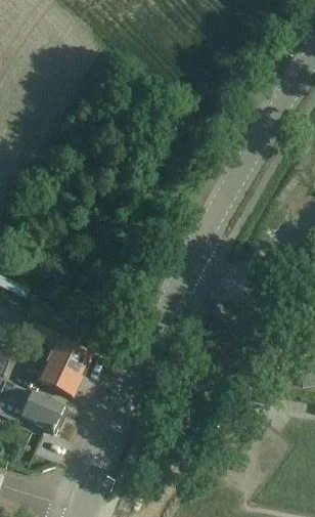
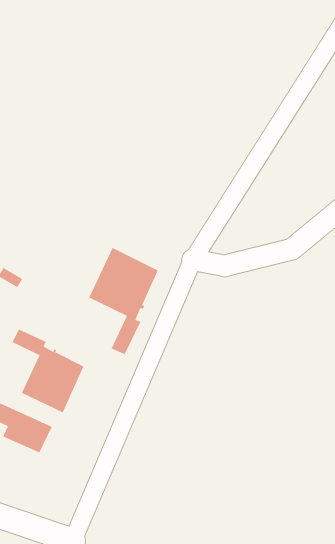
building: none -> [88,247,159,355]

